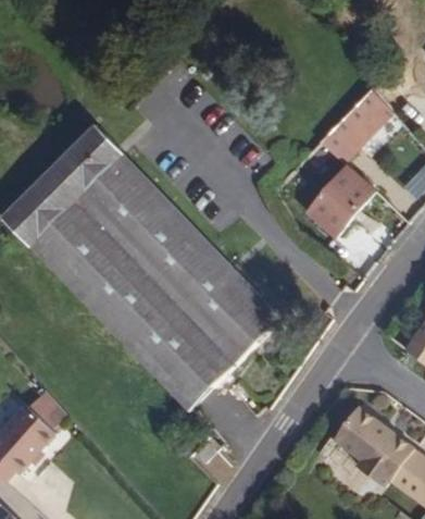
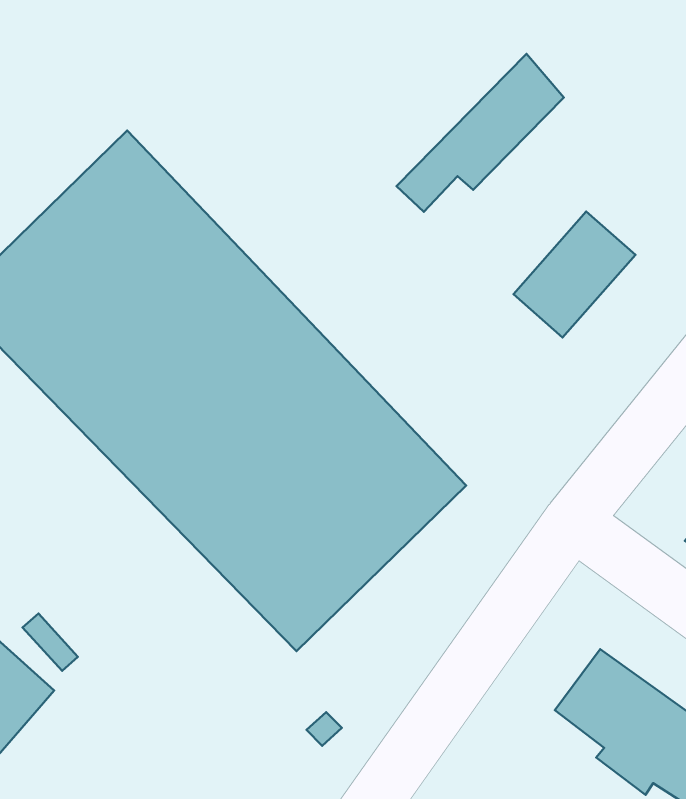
building: [302,88,395,175] -> [396,54,564,212]

